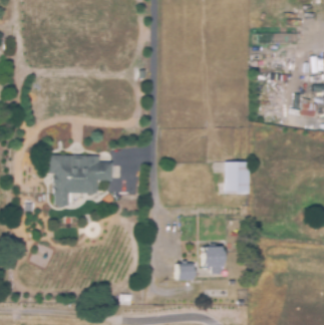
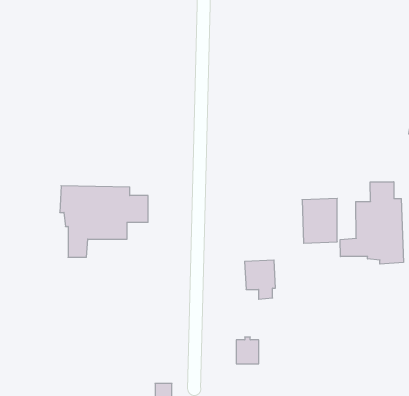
building: none -> [340,182,403,264]
building: [202,247,224,275] -> [245,260,275,299]

